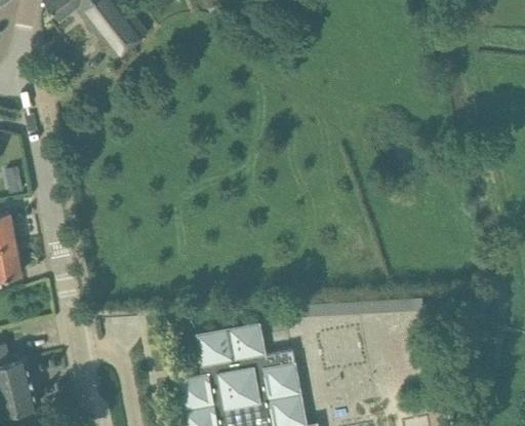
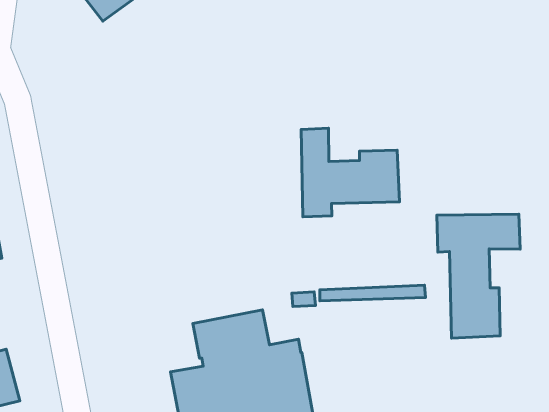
building: none -> [301,128,400,217]
building: none -> [437,214,520,338]

